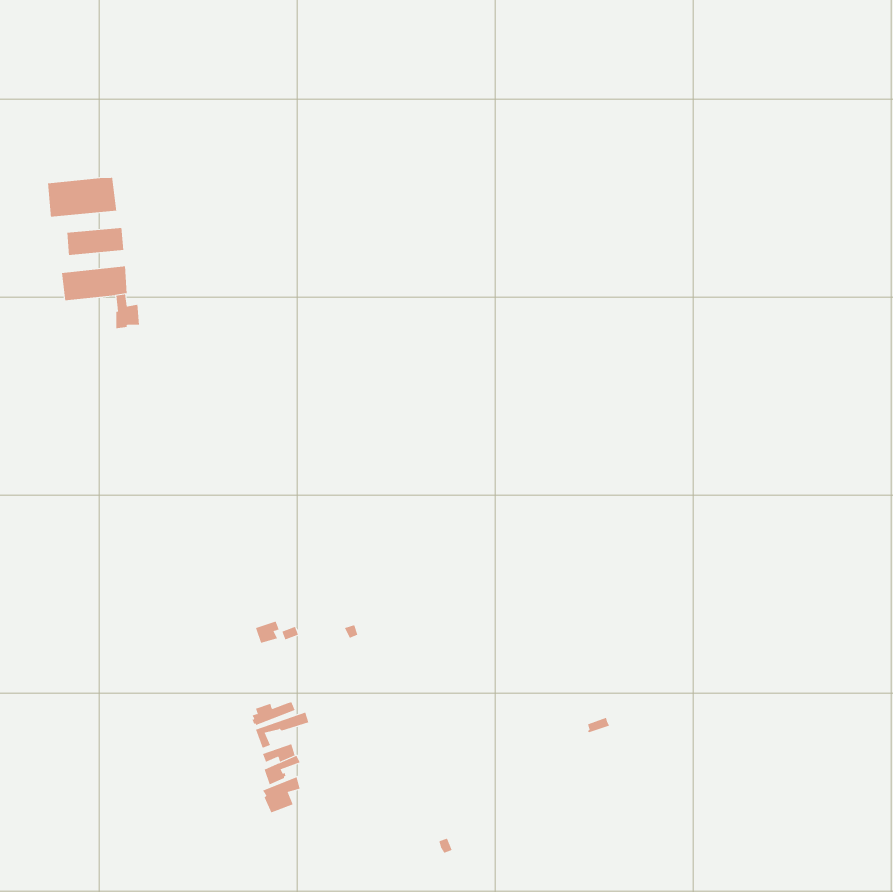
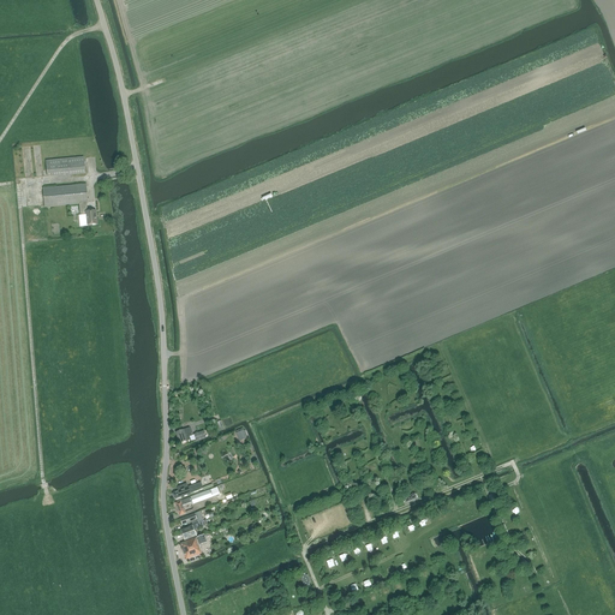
building: [48,177,117,217] -> none

